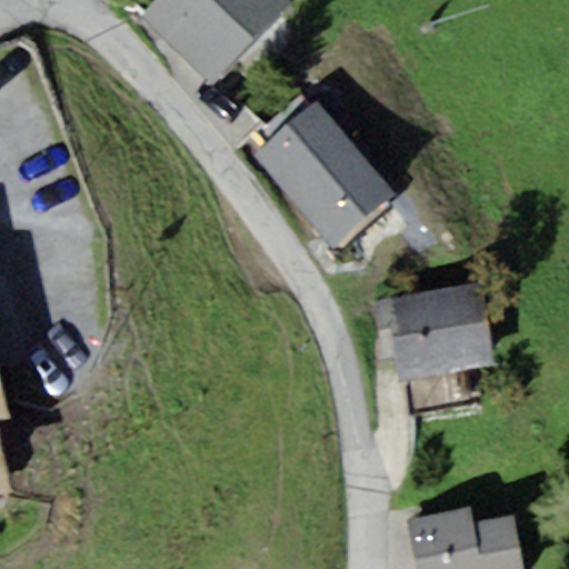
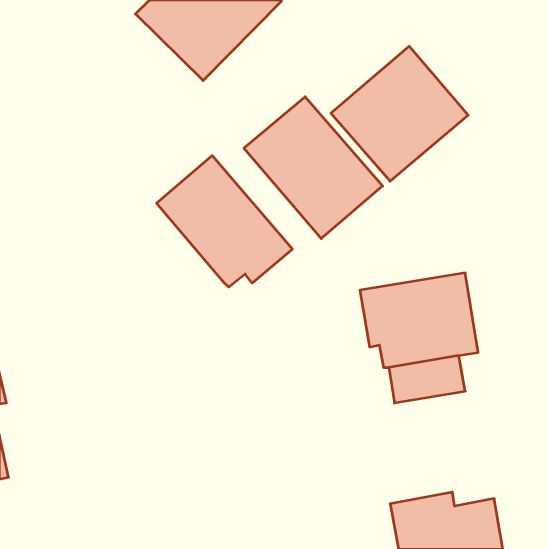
building: none -> [331,46,468,181]
building: none -> [157,156,292,287]

